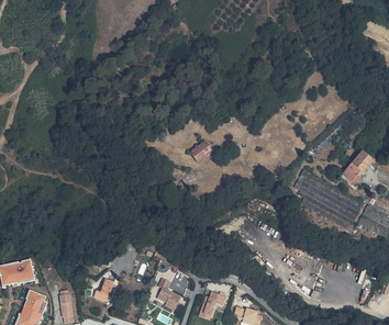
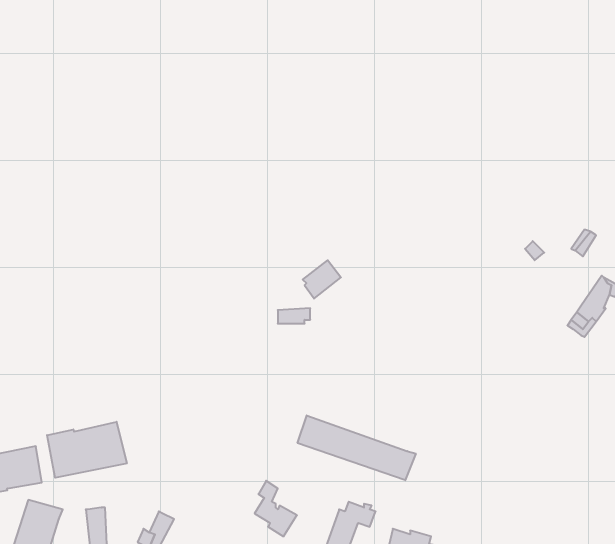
building: none -> [298,415,416,480]
building: none -> [47,422,127,478]

